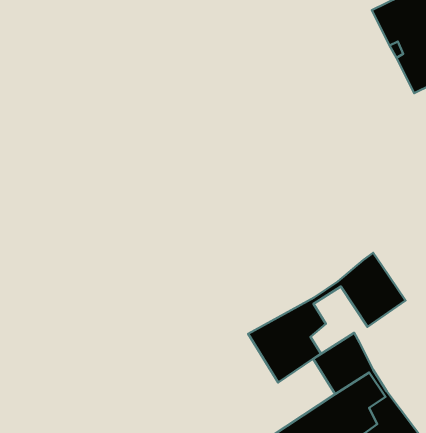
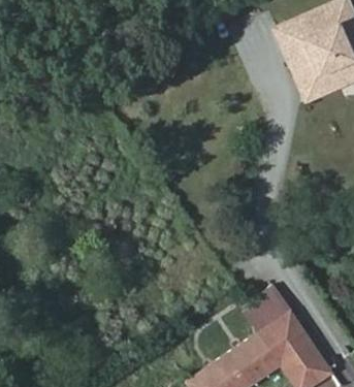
building: [248,253,405,383] -> none

